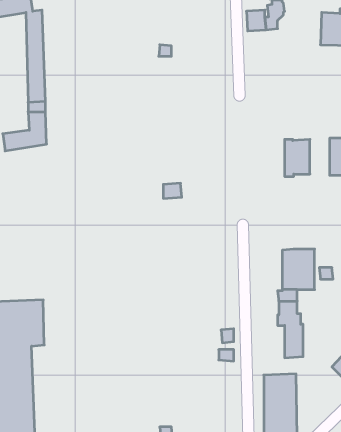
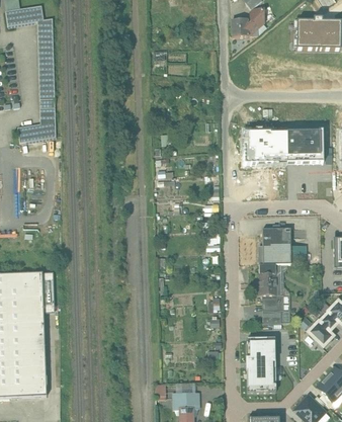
building: none -> [286,130,304,162]
building: none -> [243,131,264,163]

